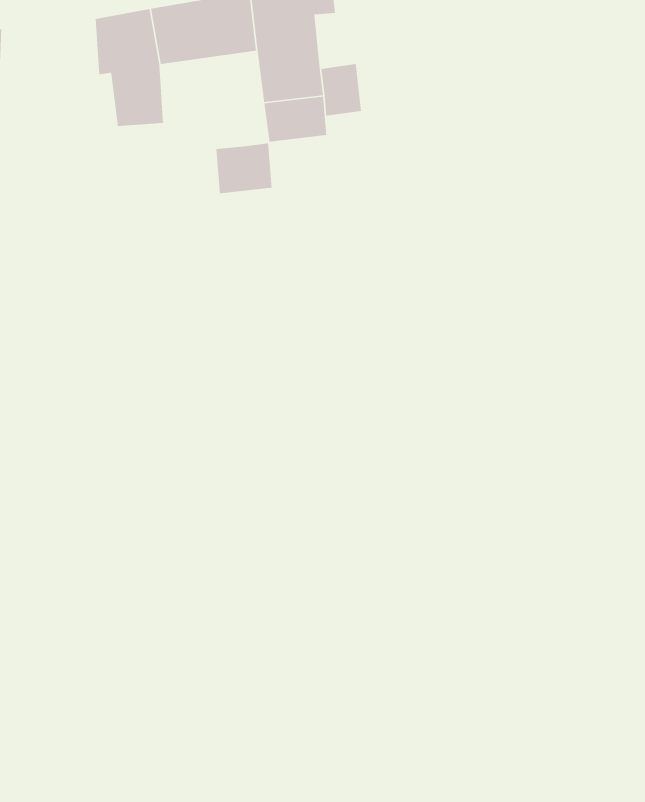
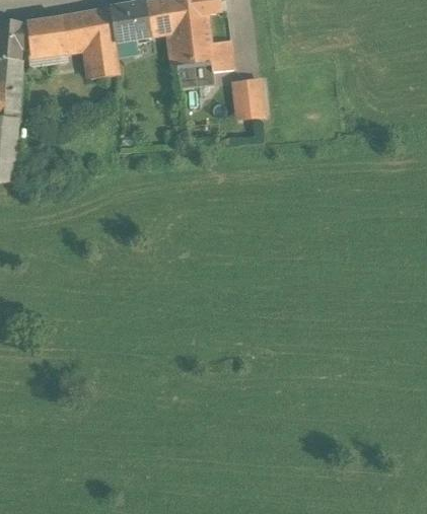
building: none -> [25,14,78,54]
building: none -> [232,80,262,116]
building: [215,142,273,194] -> none

